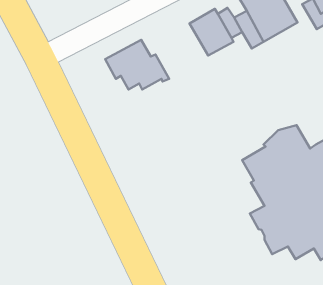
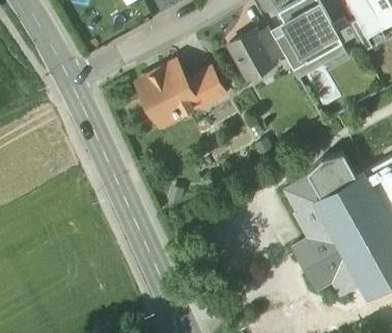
building: none -> [191,64,226,103]

